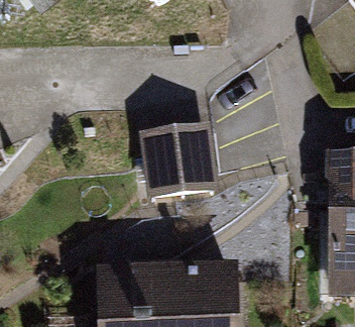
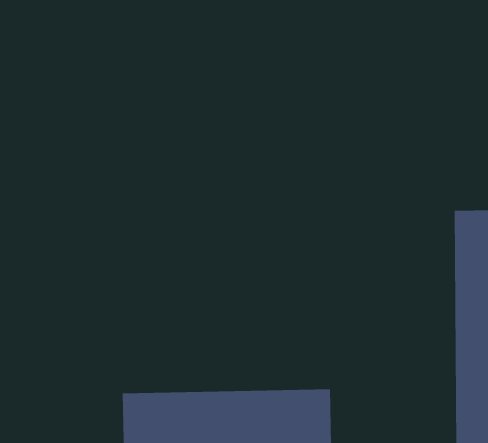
building: [135,129,219,211] -> none

